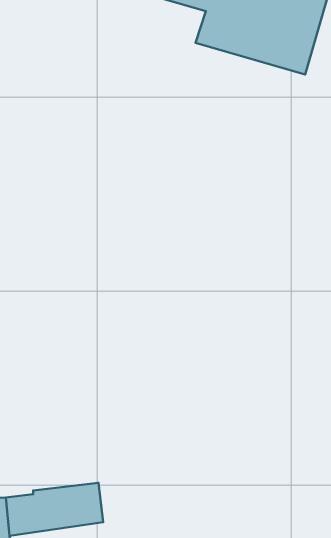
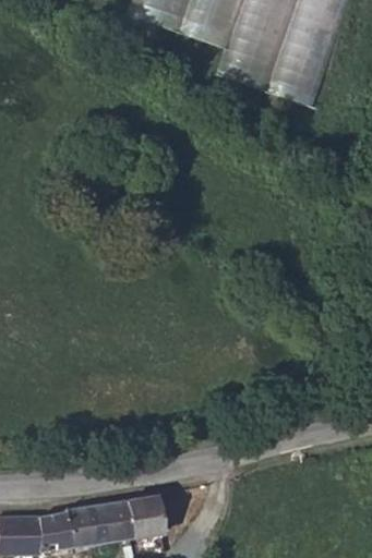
building: none -> [127,495,164,538]

